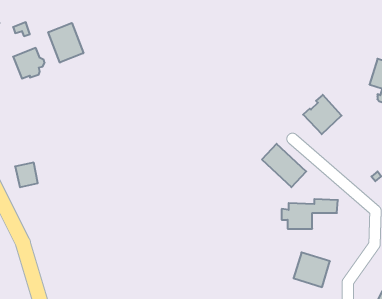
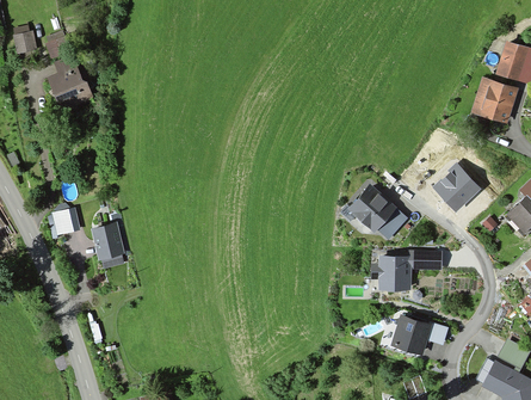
building: [48,23,83,63] -> none
building: [303,95,342,134] -> [433,164,480,211]
building: none -> [91,221,121,256]

